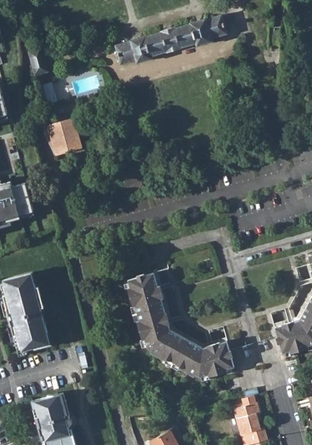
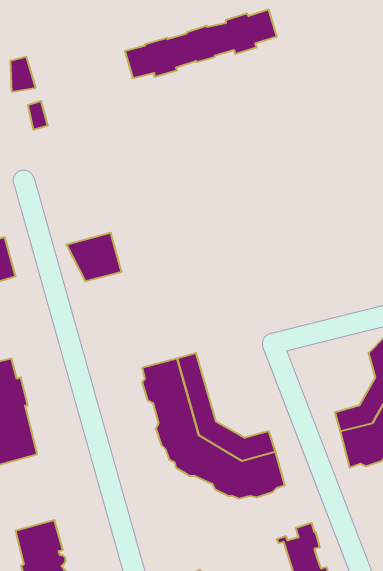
building: [41,119,82,155] -> [66,233,122,281]

